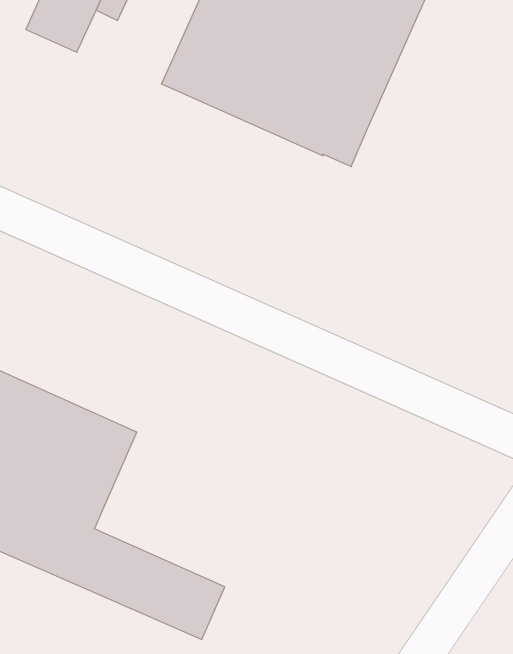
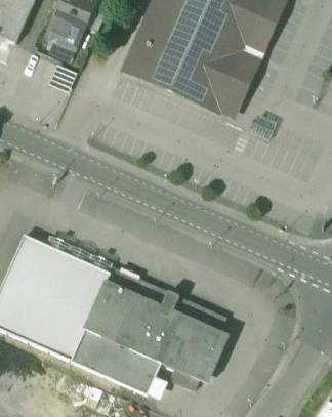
building: none -> [84,265,225,388]

